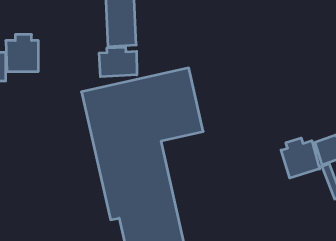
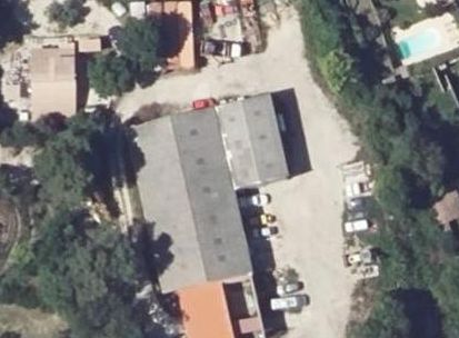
building: [99,47,137,77] -> none
building: [281,138,320,178] -> none

